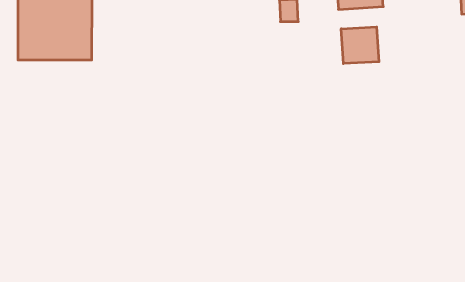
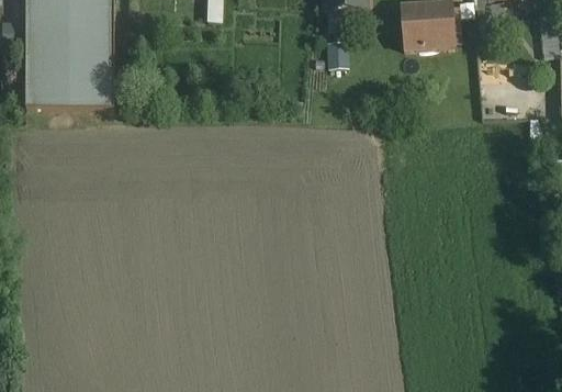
building: [341,27,379,64] -> none

